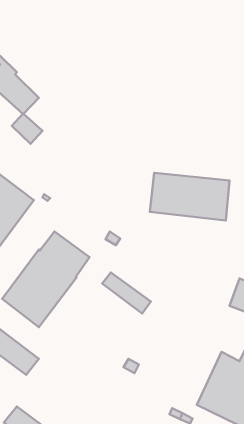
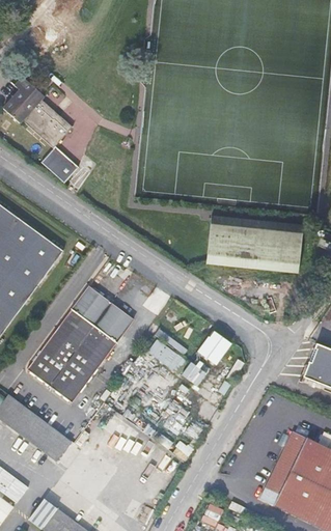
building: none -> [198,329,232,365]

